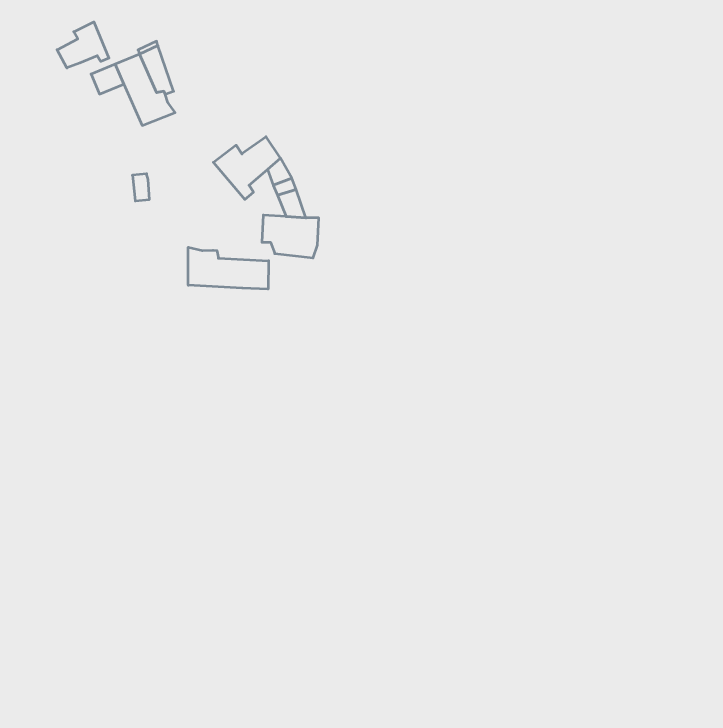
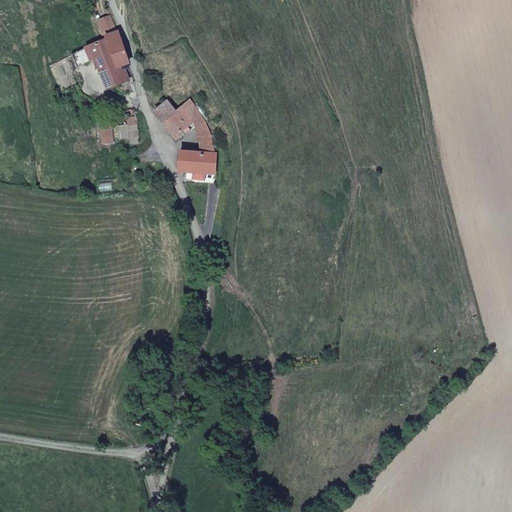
building: [57,22,109,68] -> none
building: [188,247,269,289] -> none

